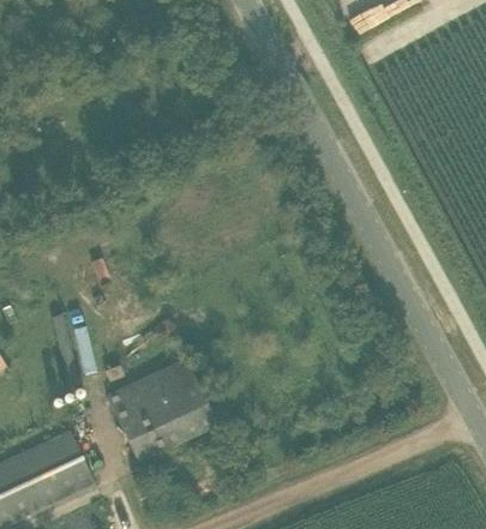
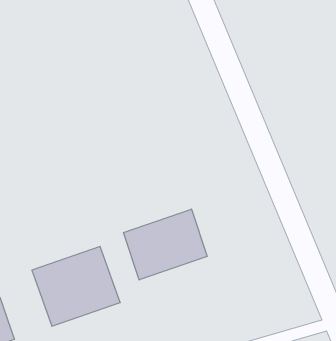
building: none -> [124,209,207,280]

